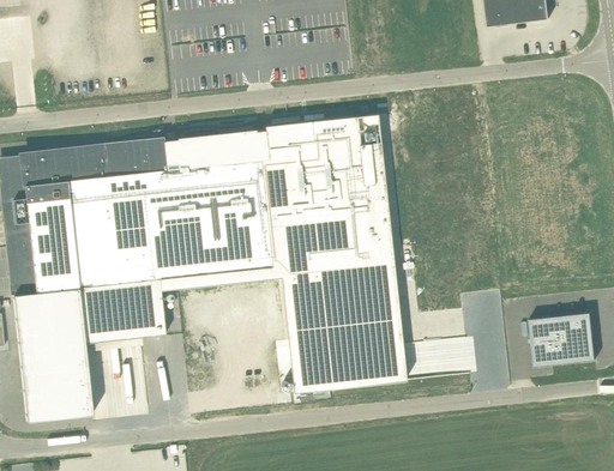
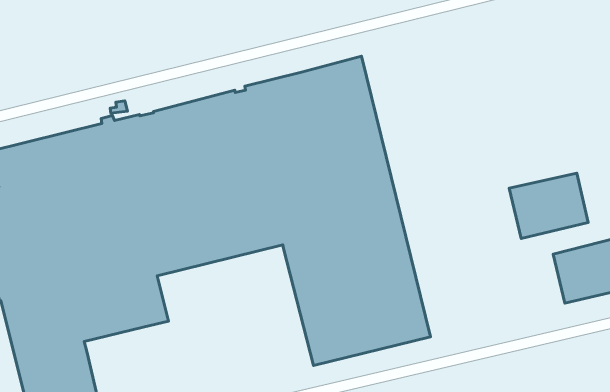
building: none -> [509,173,588,238]

